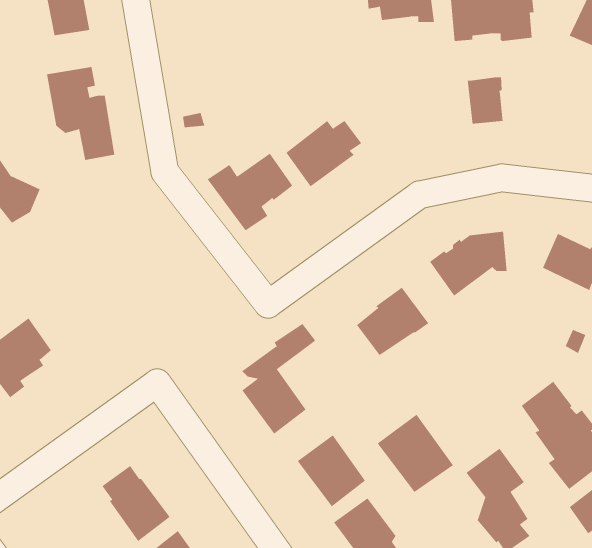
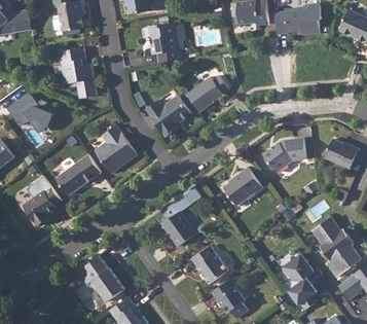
building: none -> [146,24,182,63]
building: [467,76,503,124] -> none
building: none -> [95,125,136,170]
building: none -> [57,155,102,195]
building: [377,414,454,493] -> none

